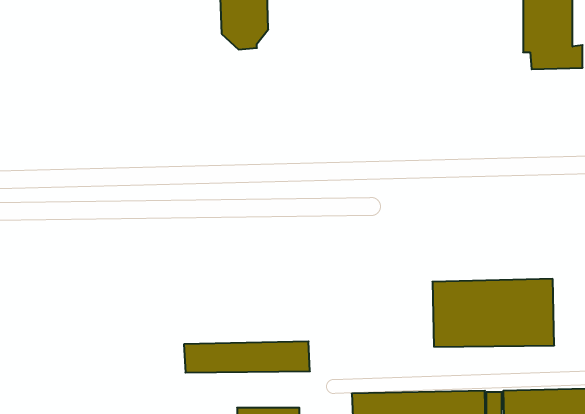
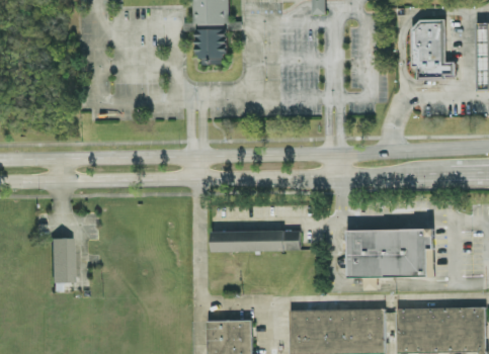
building: none -> [50,238,73,283]
building: [184,341,310,373] -> [211,230,301,252]

